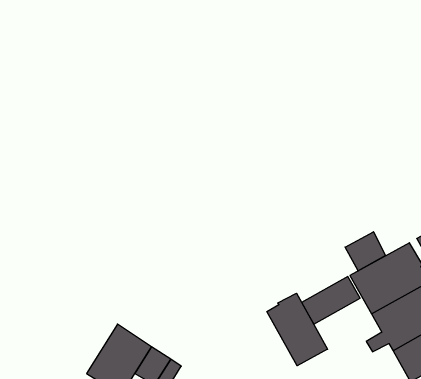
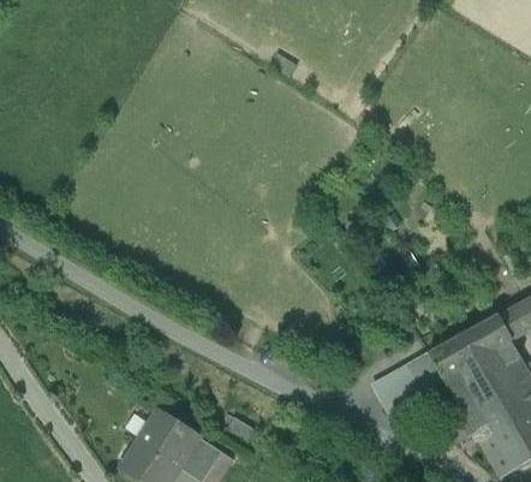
building: [345,232,386,271] -> none
building: [267,293,328,366] -> none

